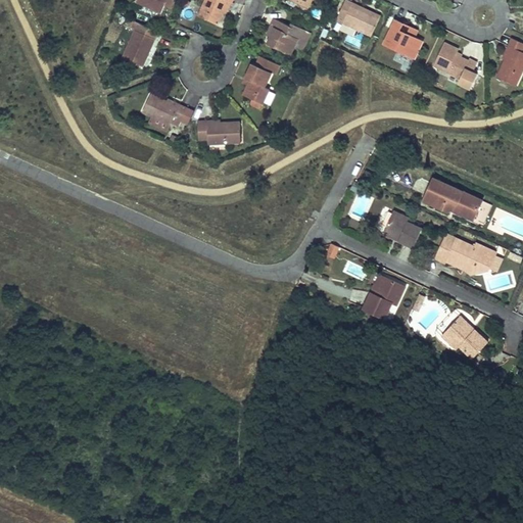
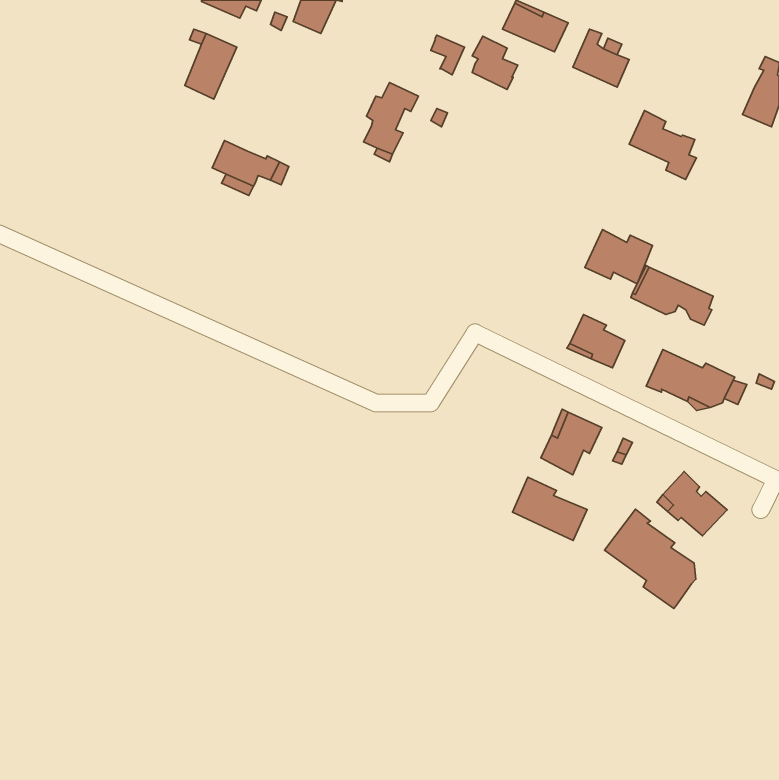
building: [268,18,298,54] -> [472,36,518,89]
building: [433,42,478,88] -> [629,111,696,179]
building: [197,122,241,145] -> none
building: none -> [585,230,653,284]
building: none -> [513,477,587,541]
building: none -> [605,509,696,609]

